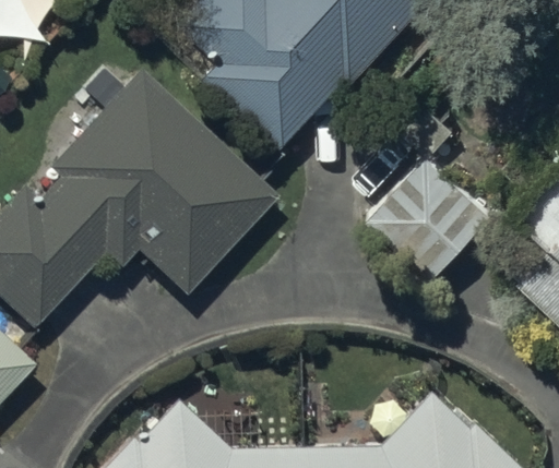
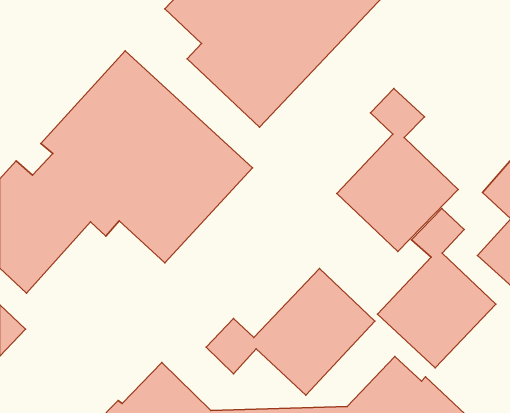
building: none -> [378,208,496,368]
building: none -> [206,268,375,395]

